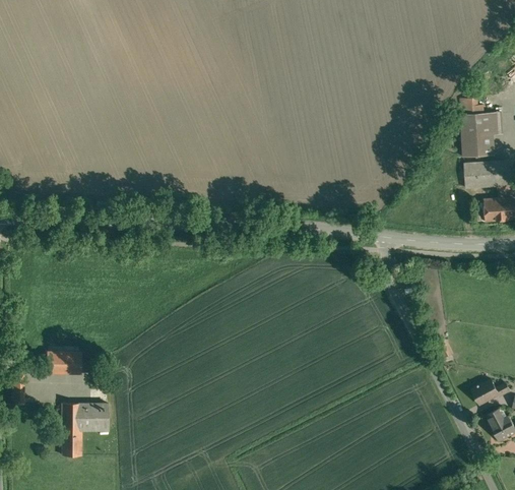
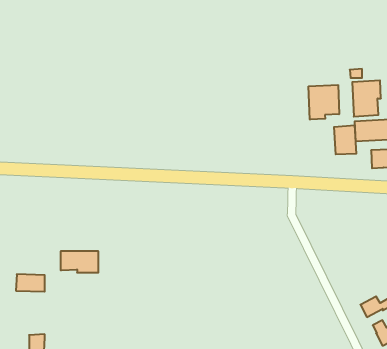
building: none -> [309,85,339,120]
building: none -> [334,125,356,154]
building: [61,405,108,431] -> [61,251,98,273]

